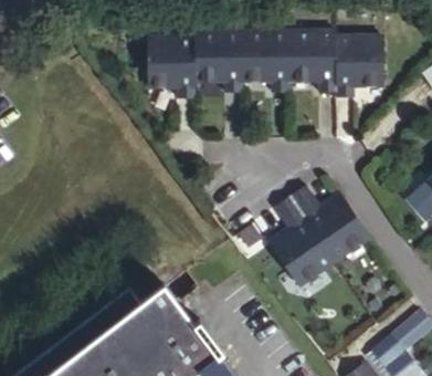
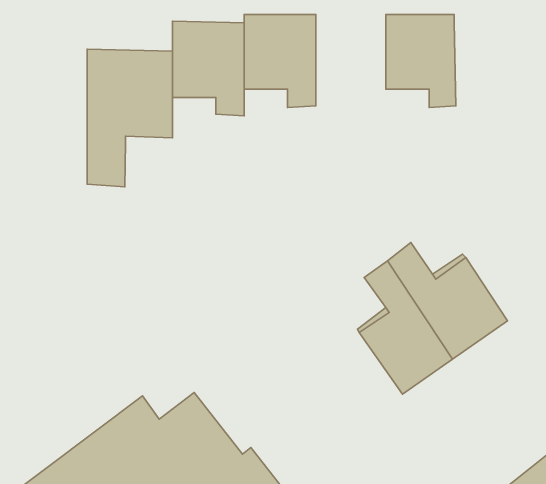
building: [245,32,292,94] -> none
building: [337,36,384,98] -> none
building: none -> [87,49,173,187]

